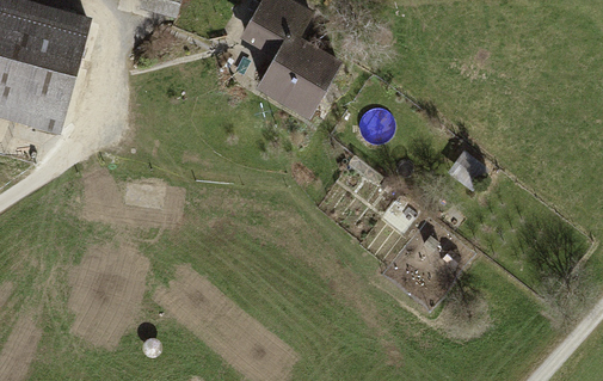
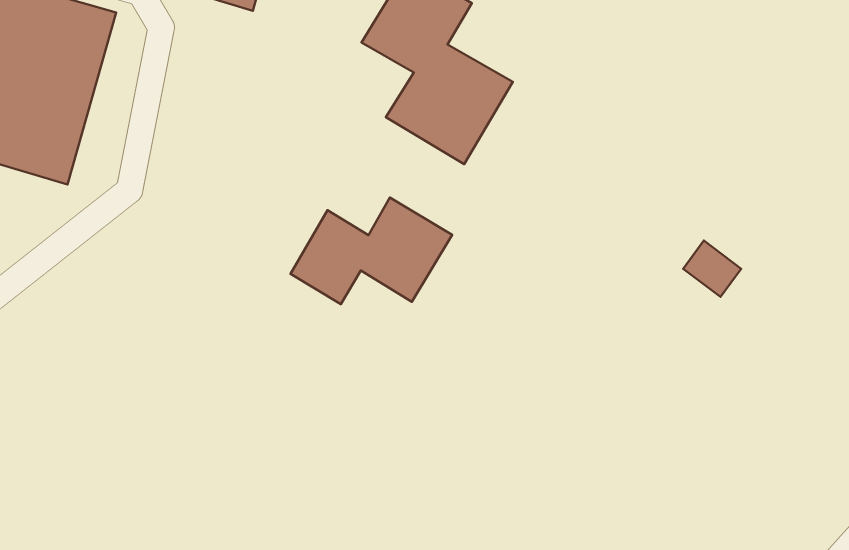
building: none -> [291,198,452,304]

